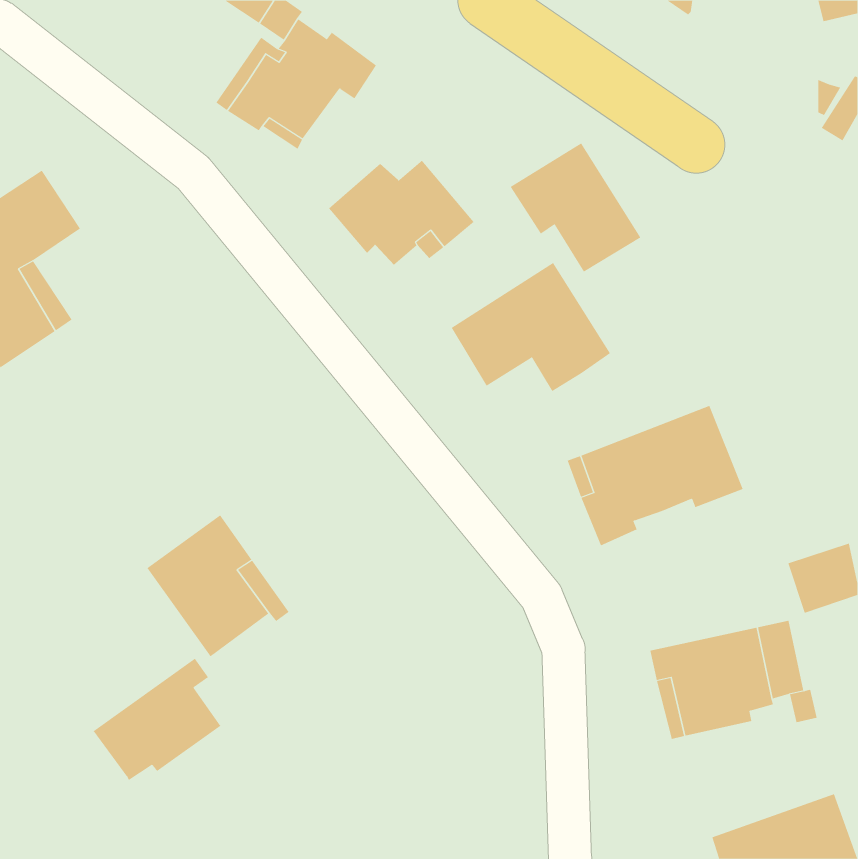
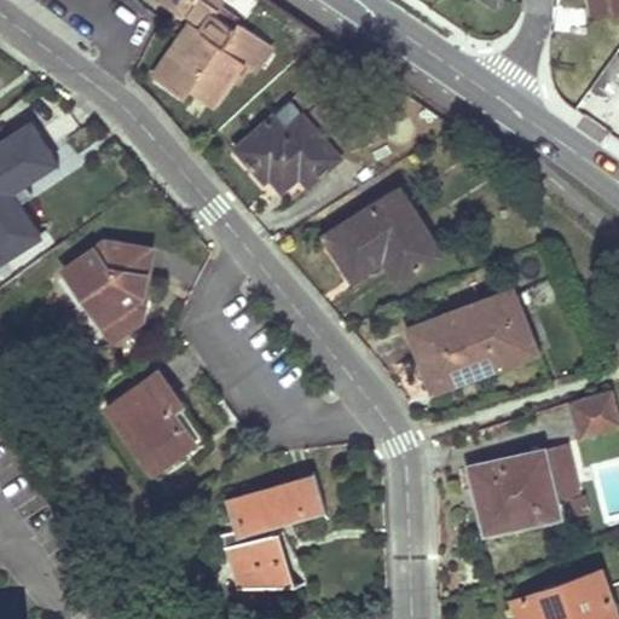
building: [510,142,641,273] -> none
building: none -> [64,242,147,341]
building: [93,658,221,781] -> none
building: none -> [224,476,323,590]

